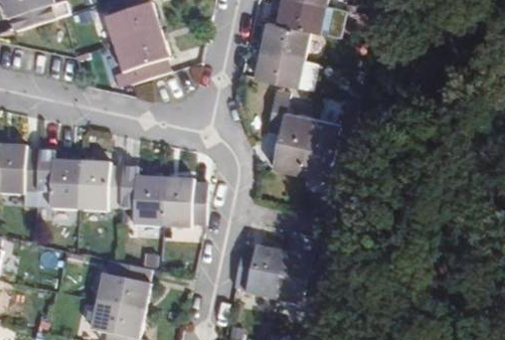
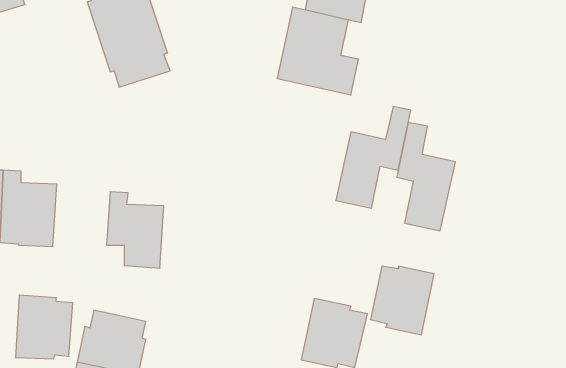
building: [266,88,312,173] -> [397,123,455,231]
building: [76,160,122,210] -> [15,295,73,359]
building: [161,177,206,227] -> none
building: [232,244,283,299] -> [370,266,434,335]

